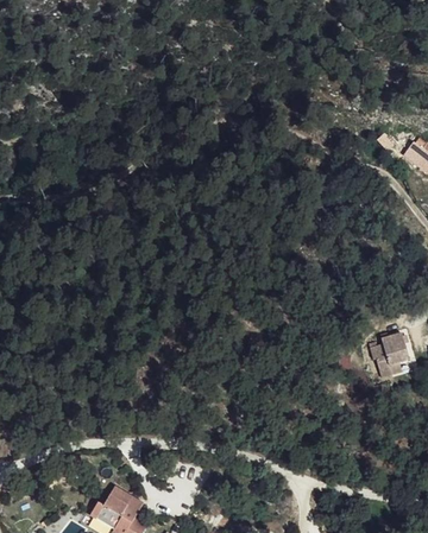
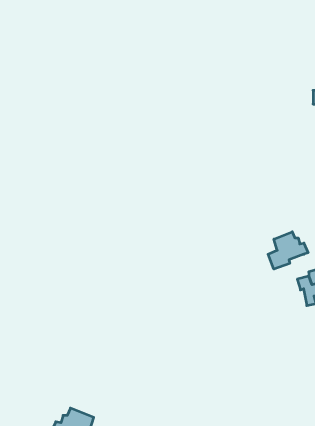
building: none -> [268,232,308,269]

